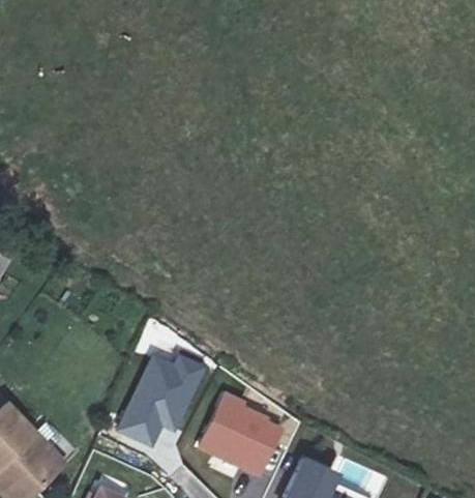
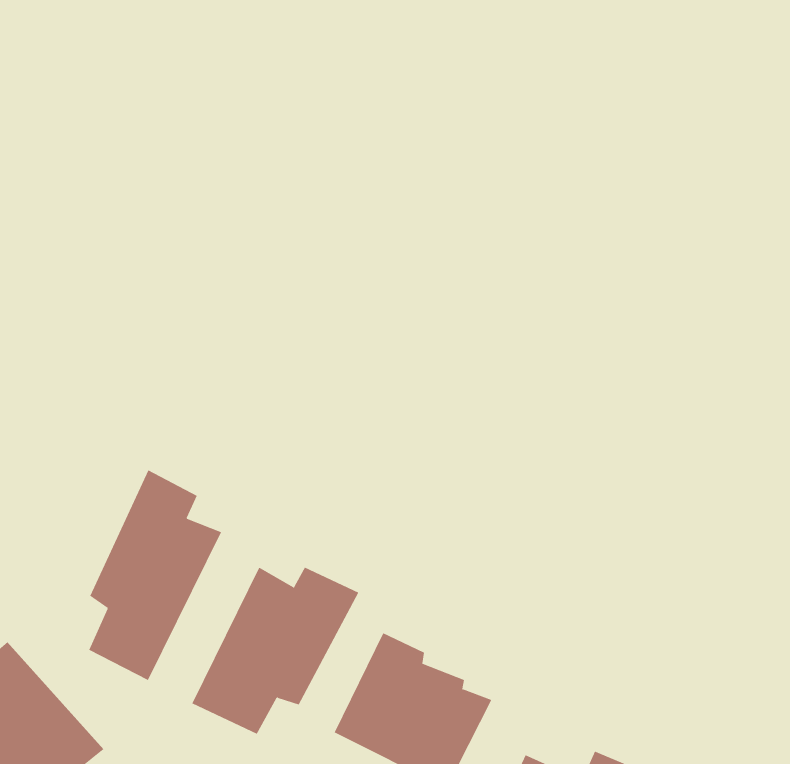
building: none -> [88,469,222,681]

